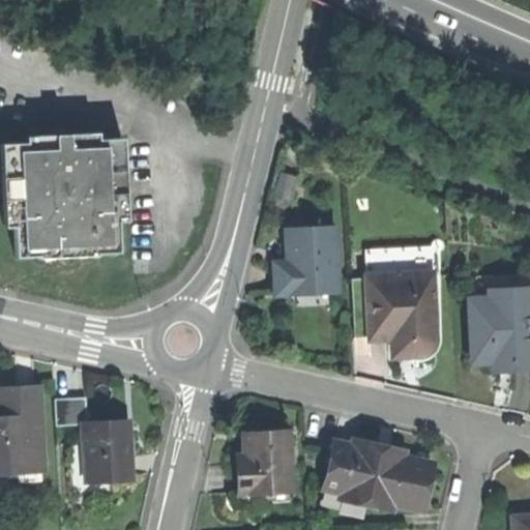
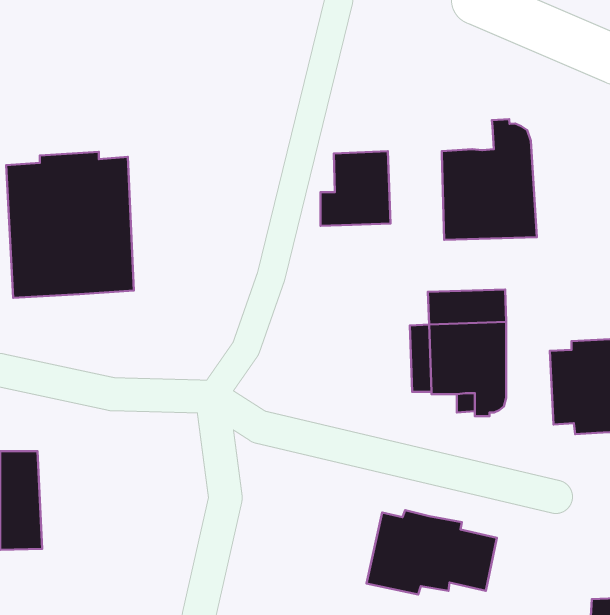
building: none -> [442,119,537,240]
building: [275,228,335,292] -> [320,151,390,226]
building: [57,401,130,481] -> none
building: [235,431,291,492] -> none

